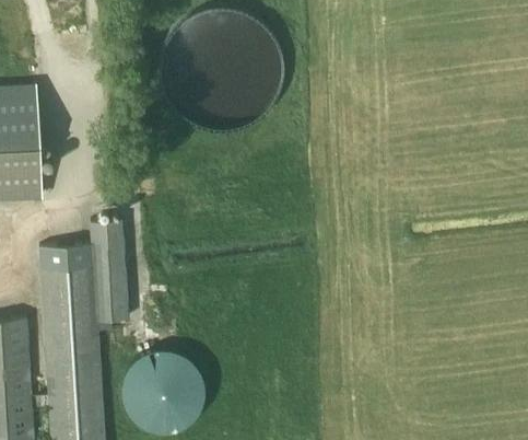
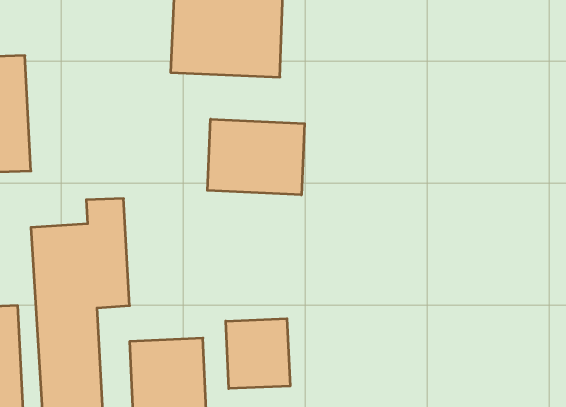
building: none -> [207,119,305,195]
building: none -> [226,319,290,389]

